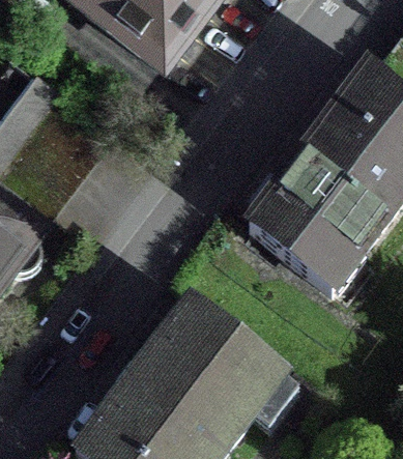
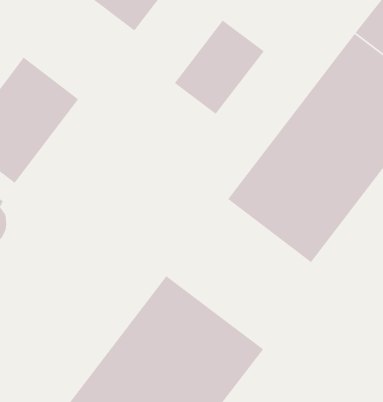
building: none -> [174,19,265,115]

